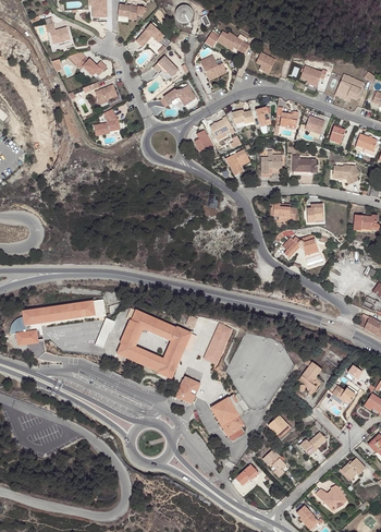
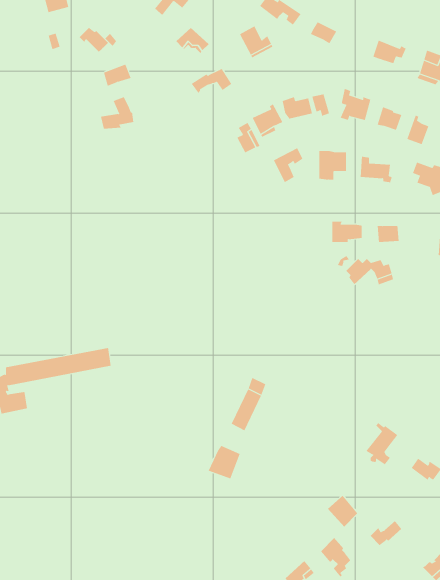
building: [116,311,192,378] -> none
building: [213,394,245,436] -> none

